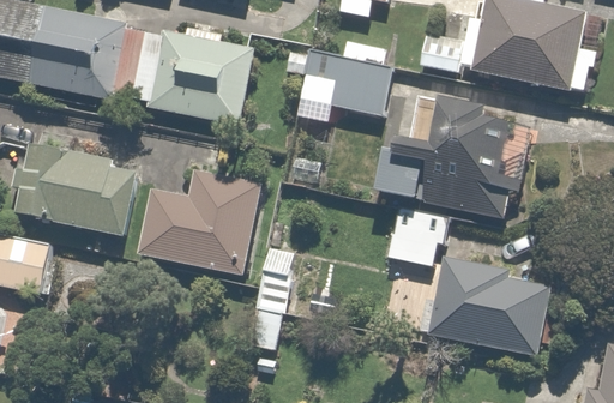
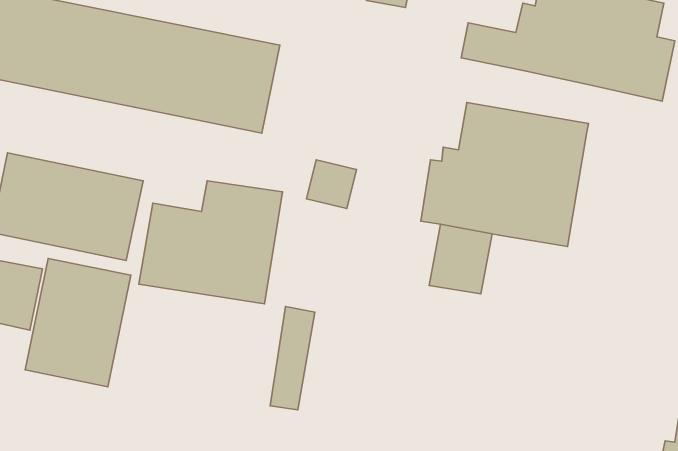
building: [307,37,385,114] -> none
building: none -> [25,258,131,387]
building: [423,257,550,354] -> none

